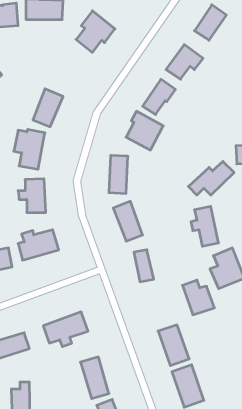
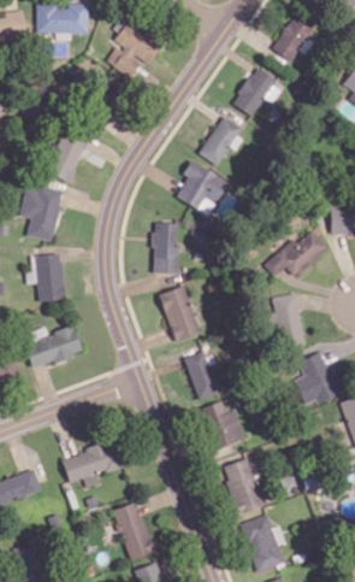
building: [182,280,214,315] -> [202,400,247,448]

